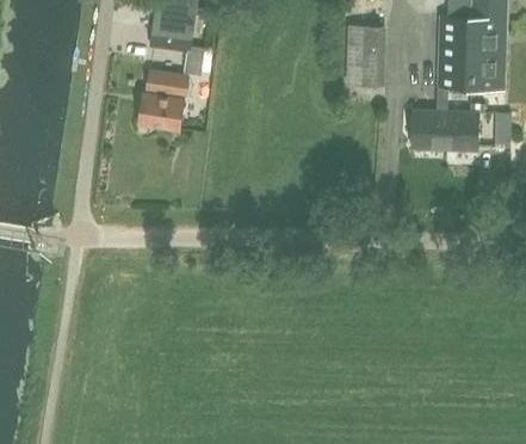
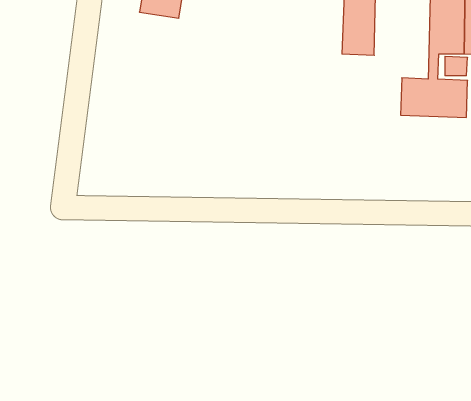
building: [140,69,188,127] -> none

